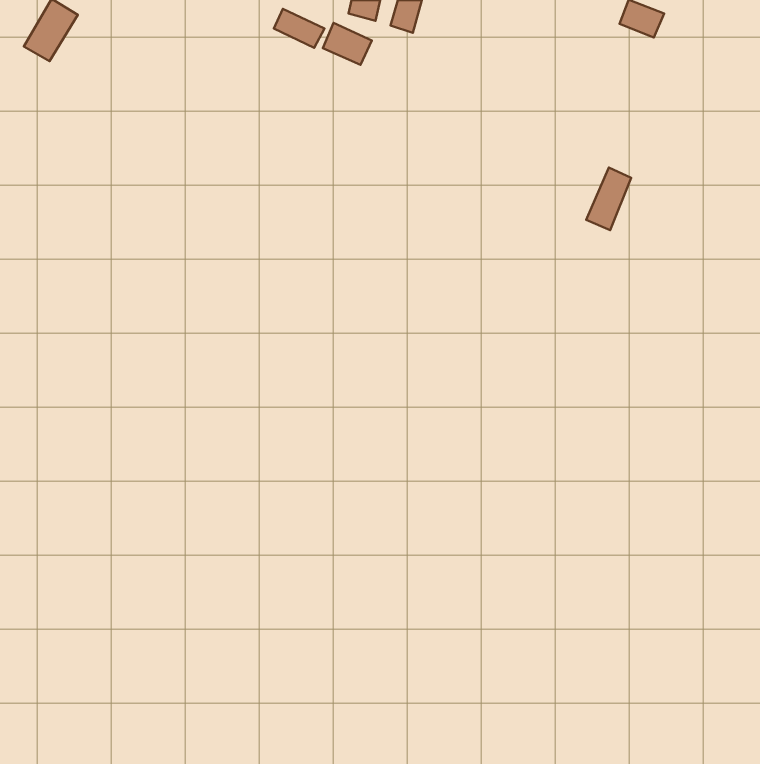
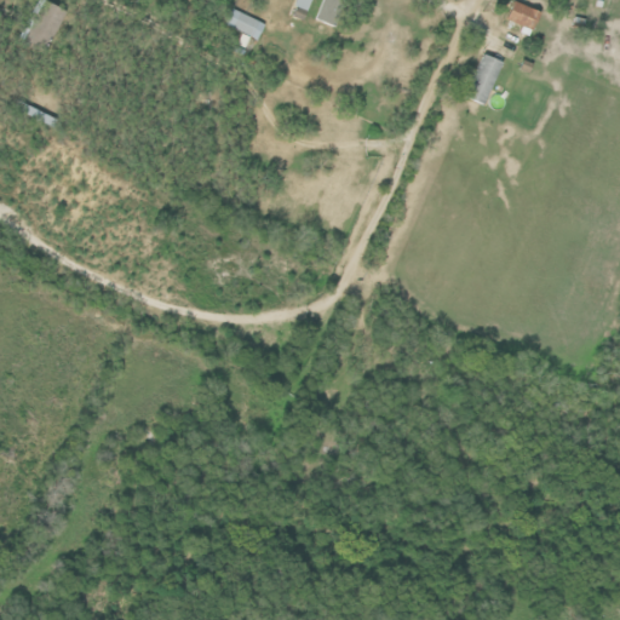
building: [323,23,372,65] -> none
building: [586,167,631,230] -> [466,53,503,104]

